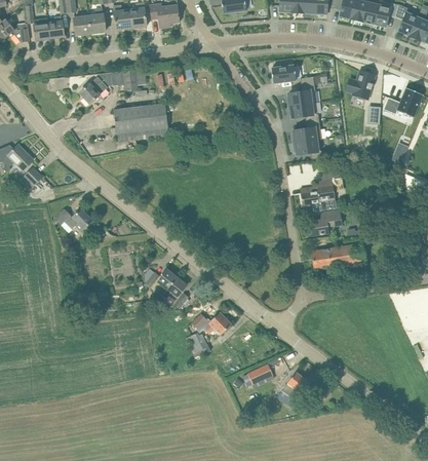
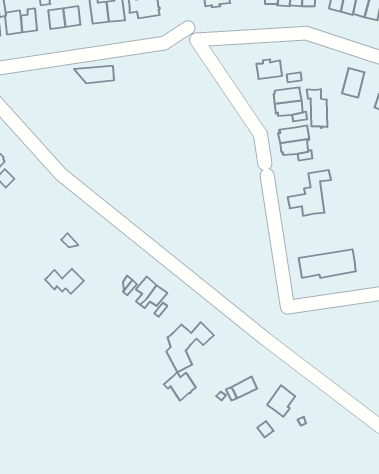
building: [79,75,108,103] -> none
building: none -> [307,89,327,128]
building: [114,102,172,141] -> none
building: [55,207,92,231] -> [45,269,84,294]
building: [311,208,341,234] -> none
building: none -> [164,372,196,401]

